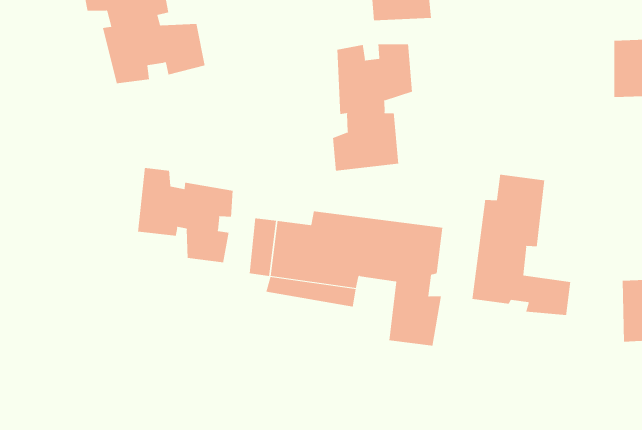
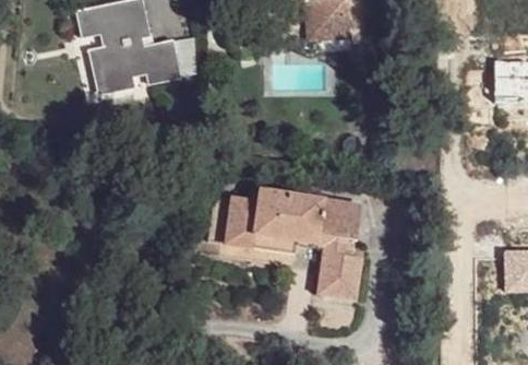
building: [332,43,412,172] -> none
building: [138,167,233,263] -> none
building: [472,174,571,316] -> none

